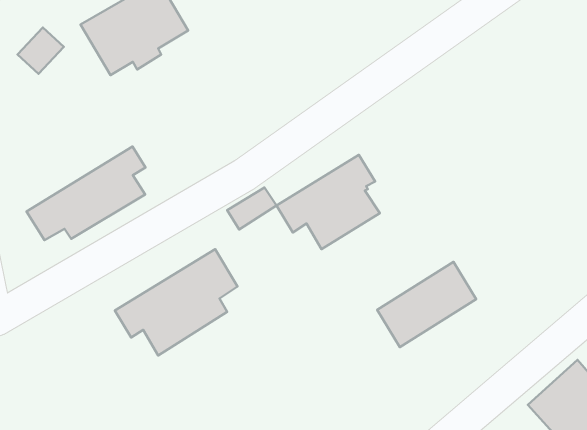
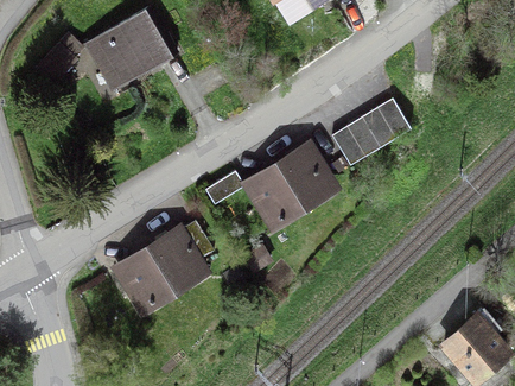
building: [27,146,145,240] -> none
building: [377,262,476,347] -> [332,97,411,165]

